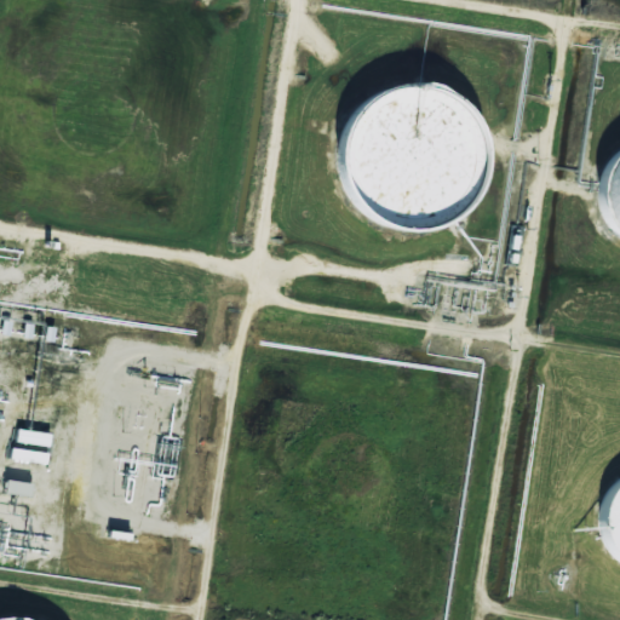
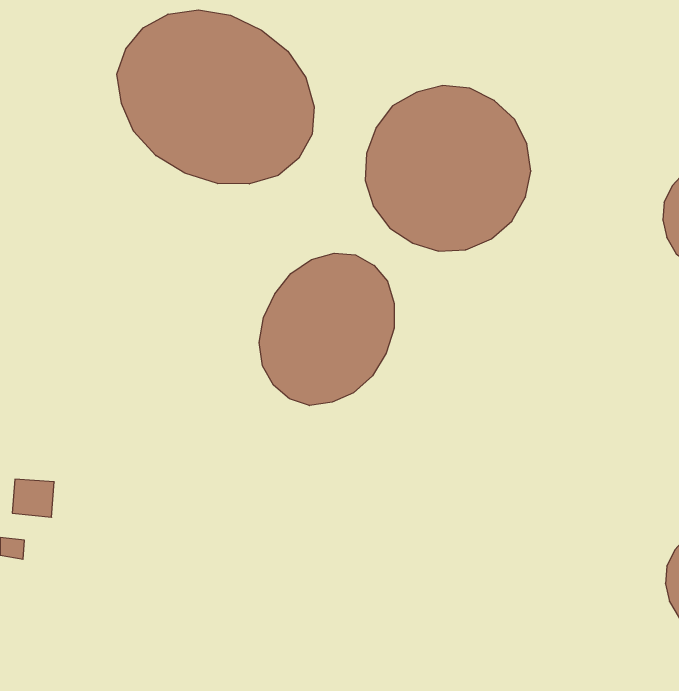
building: none -> [117,10,314,184]
building: none -> [259,253,394,406]

